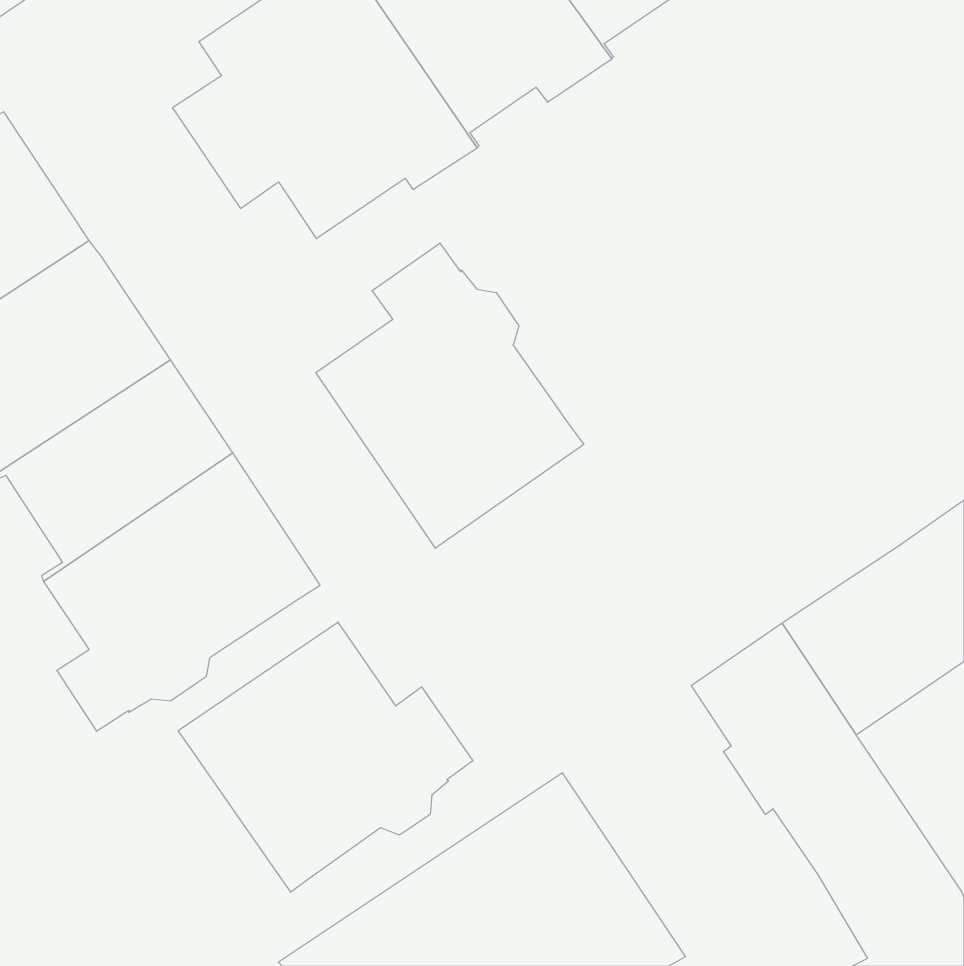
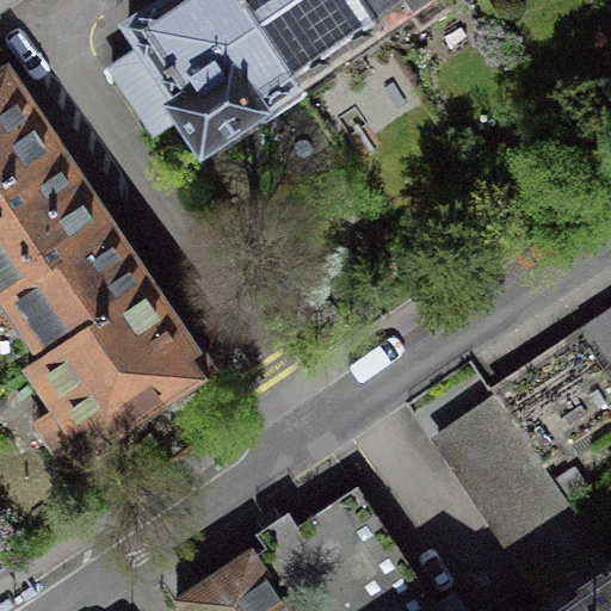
building: [316,243,584,548] -> none
building: [178,622,473,892] -> none

